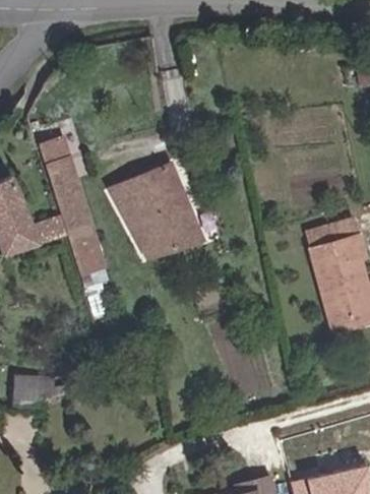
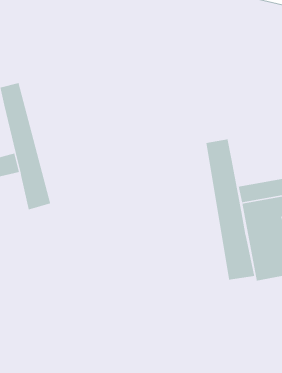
building: [113,164,198,260] -> none
building: none -> [205,139,255,280]

